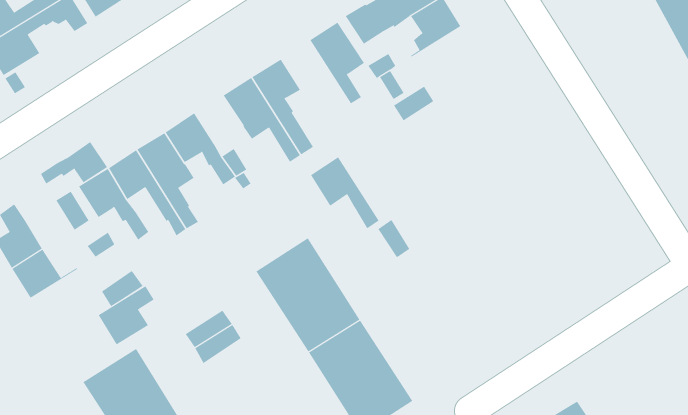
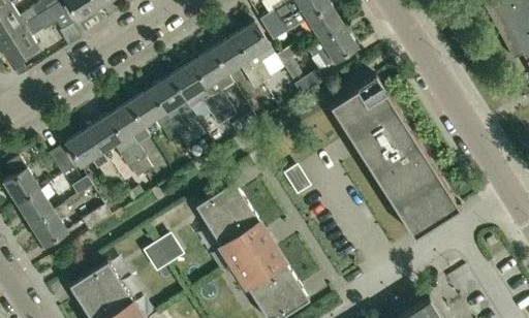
building: none -> [308,27,356,67]
building: none -> [330,76,455,237]
building: none -> [150,77,185,113]
building: [40,141,108,185] -> none
building: [310,157,380,229] -> [213,37,263,90]
building: [98,285,154,345] -> [30,203,71,247]

